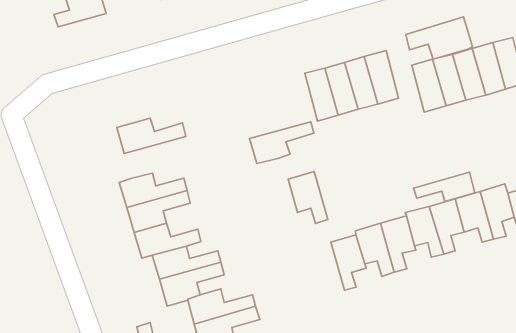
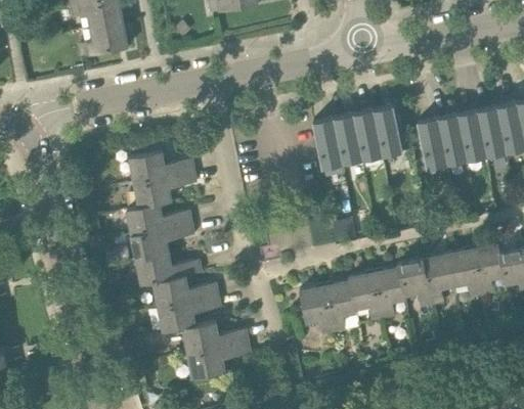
building: [406,17,472,59] -> none
building: [249,122,314,163] -> [134,172,196,208]
building: [288,172,328,224] -> [300,285,335,335]
building: [414,172,475,201] -> none

